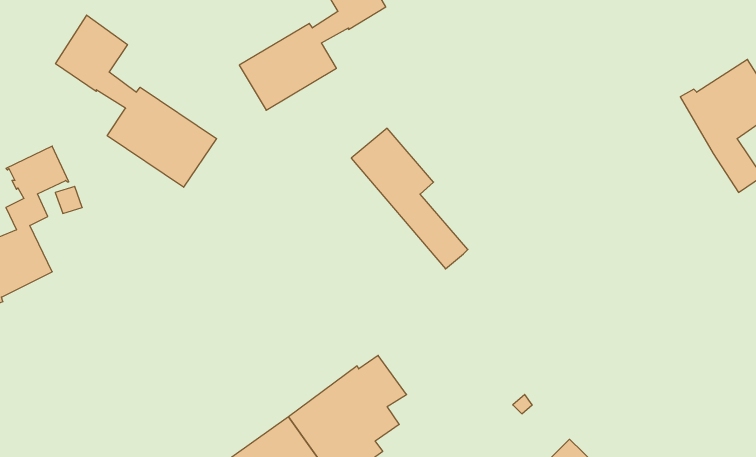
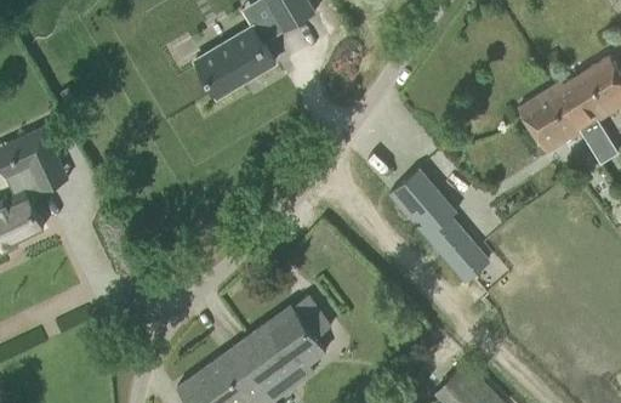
building: [56,15,217,187] -> none
building: none -> [518,86,580,154]
building: [351,128,468,269] -> [389,169,484,283]

